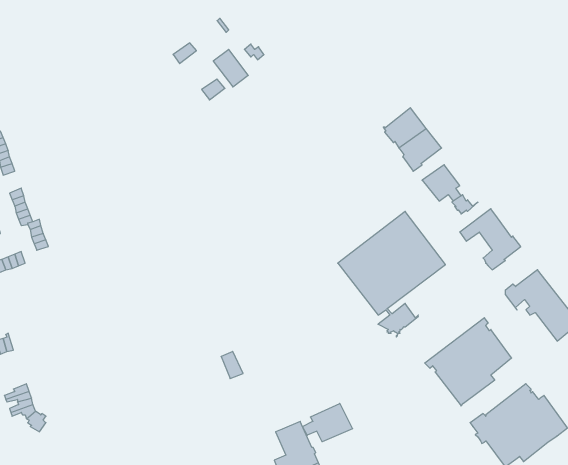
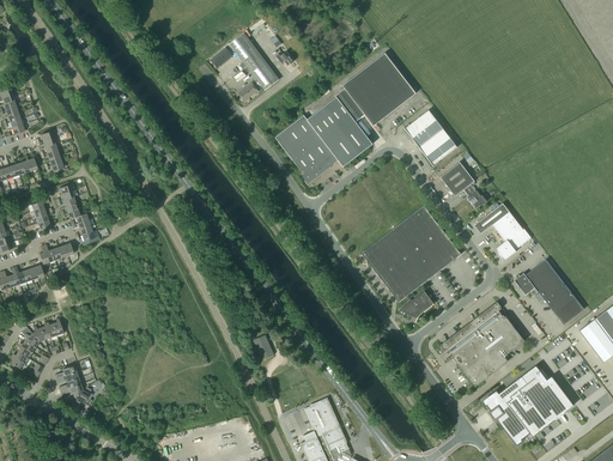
building: none -> [229,34,261,67]
building: none -> [275,54,415,183]
building: [303,403,353,442] -> none

